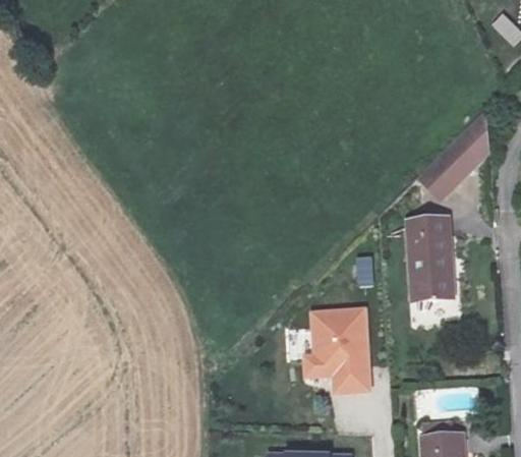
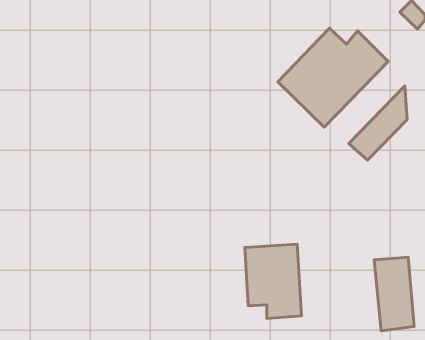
building: none -> [278,28,388,127]
building: [407,226,455,315] -> [374,257,414,331]

